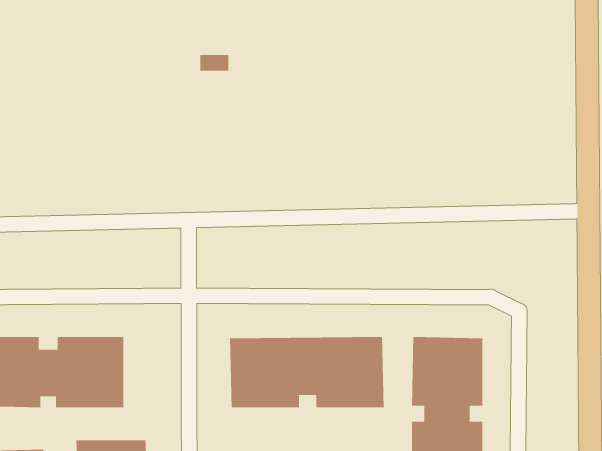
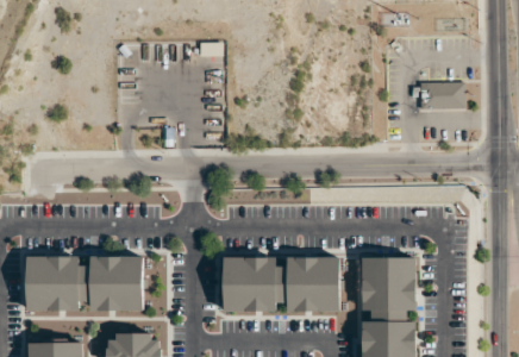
building: none -> [409,82,463,109]

